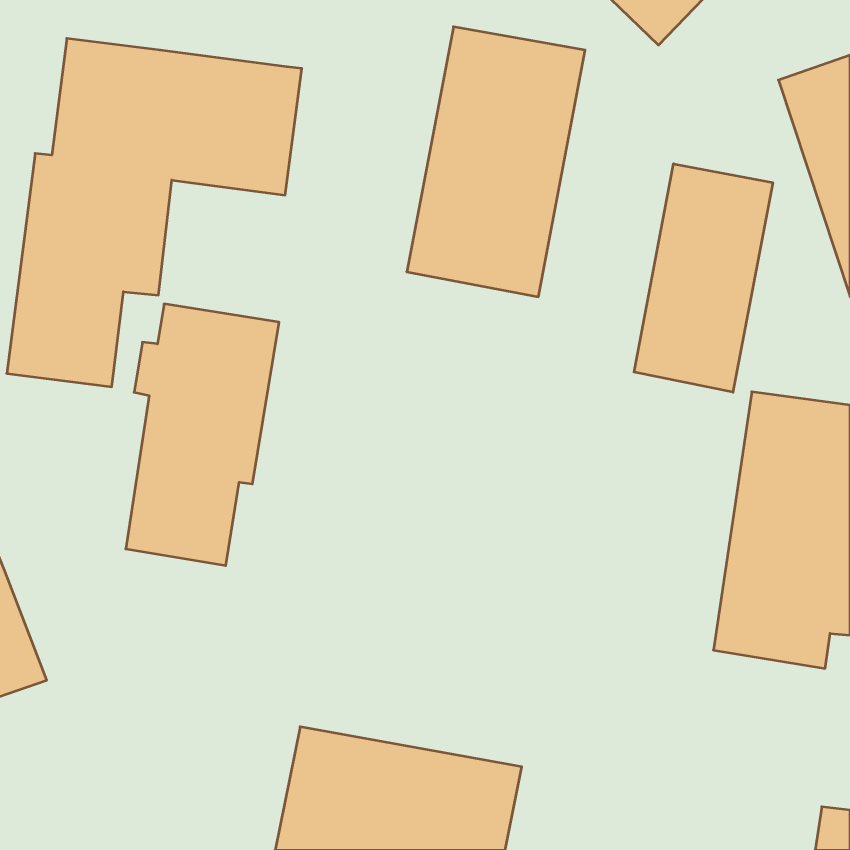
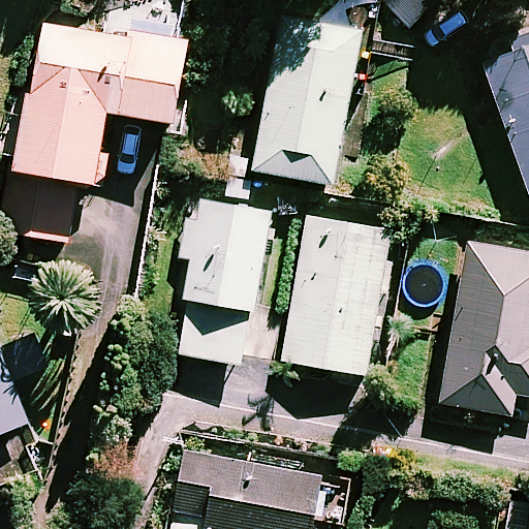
building: [634,164,773,392] -> none
building: [126,304,279,566] -> [176,200,271,363]
building: none -> [283,216,390,373]

